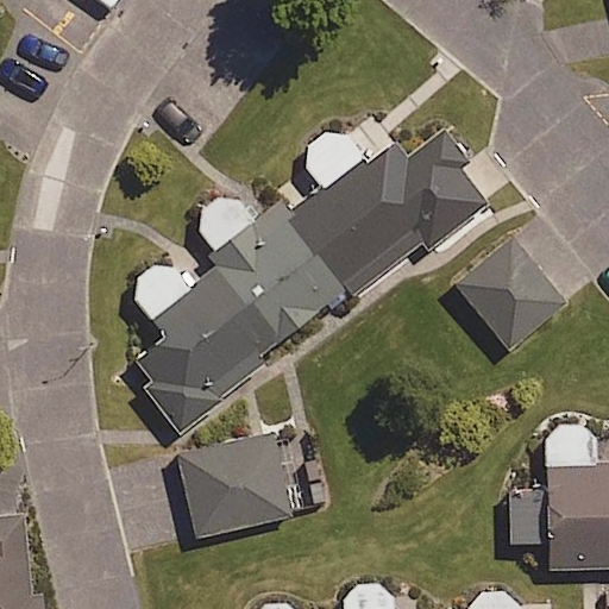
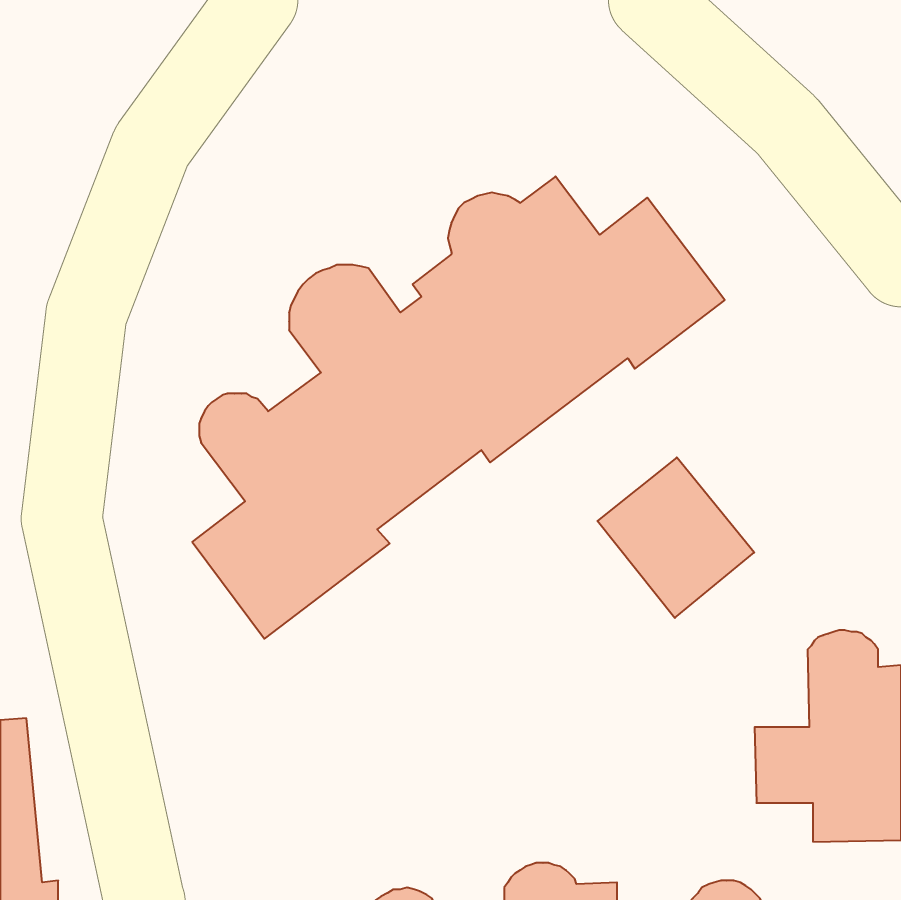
building: [457,243,563,351] -> [597,457,754,618]
building: [180,435,324,538] -> none

